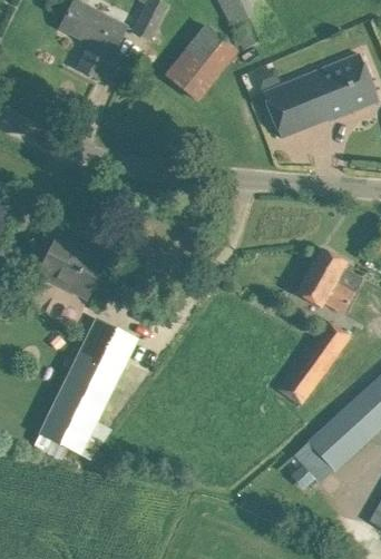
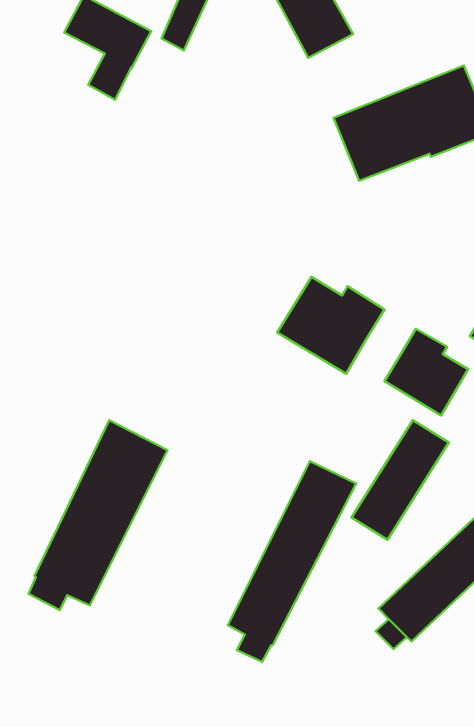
building: [165,24,238,100] -> none
building: none -> [277,277,384,374]
building: [39,236,106,293] -> none
building: none -> [228,461,356,662]

